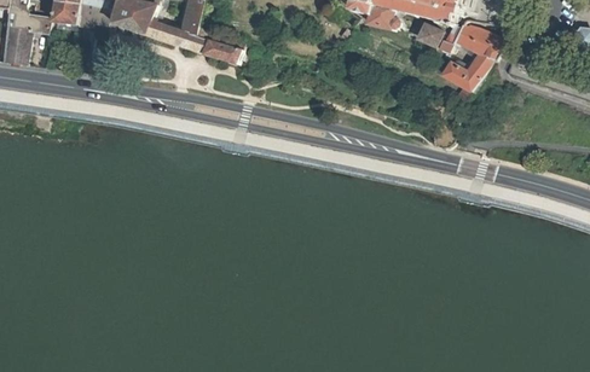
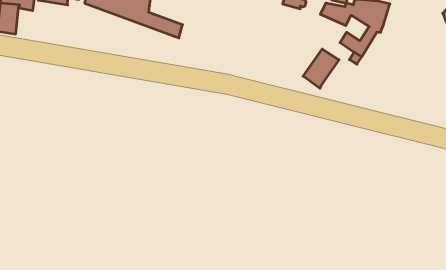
building: none -> [303,49,339,88]

